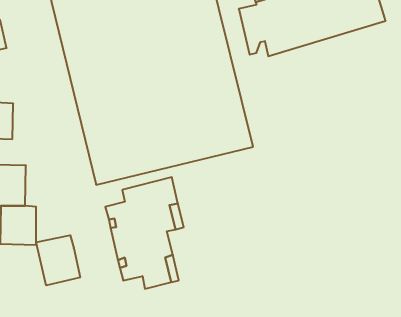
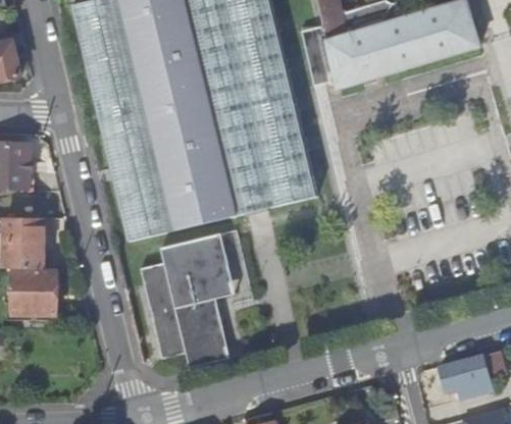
building: [36,235,80,285] -> none
building: none -> [440,356,488,391]

